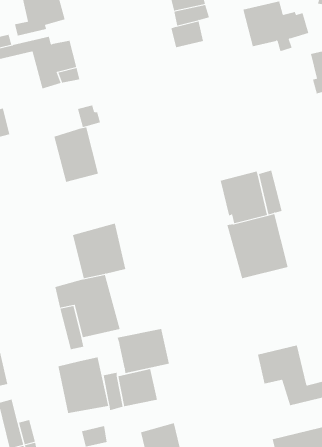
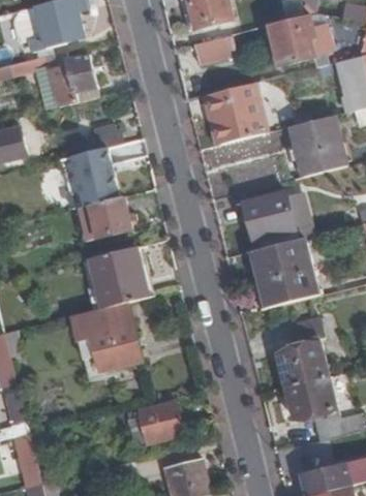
building: none -> [208,83,265,146]
building: none -> [293,116,347,177]
building: none -> [79,195,131,240]
building: none -> [277,336,328,386]
building: [117,328,170,374] -> none
building: [58,357,109,414] -> none

